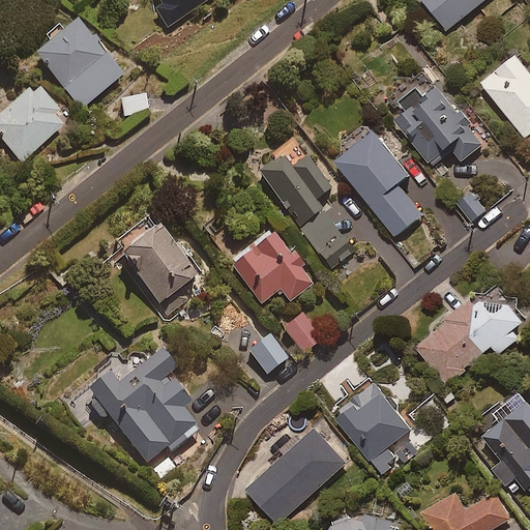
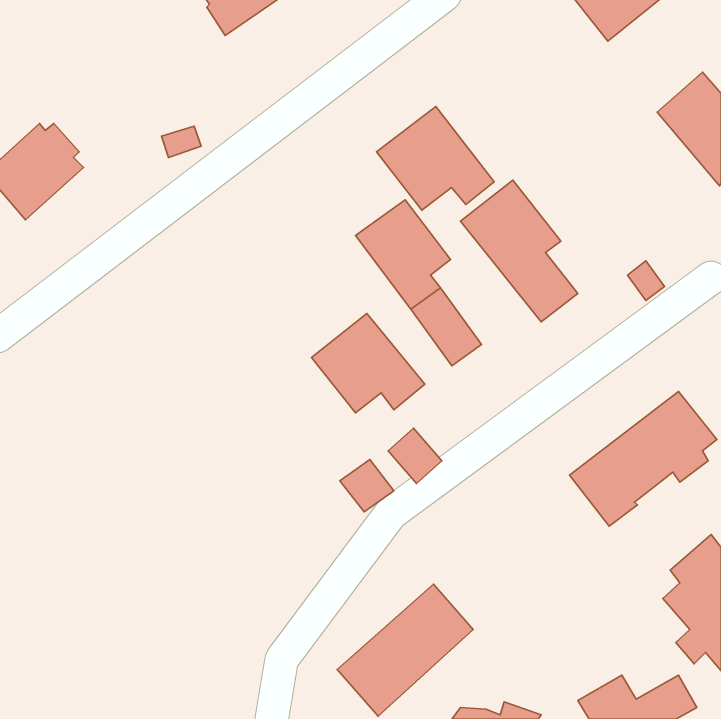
building: [37,22,120,108] -> none
building: [396,88,482,164] -> [376,107,494,210]
building: [123,231,198,314] -> none
building: [86,351,198,463] -> none
building: [337,381,414,469] -> none

